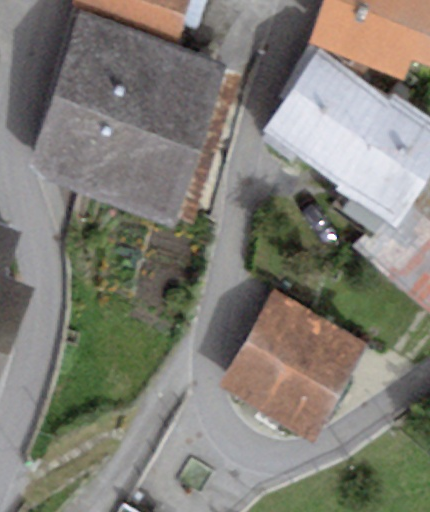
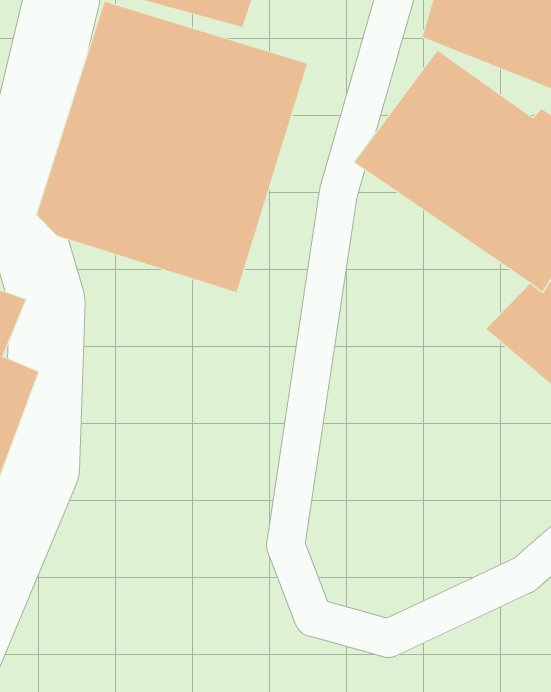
building: [221,295,364,442] -> none

